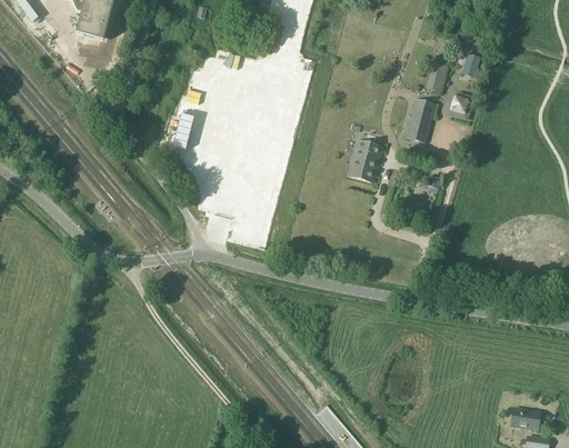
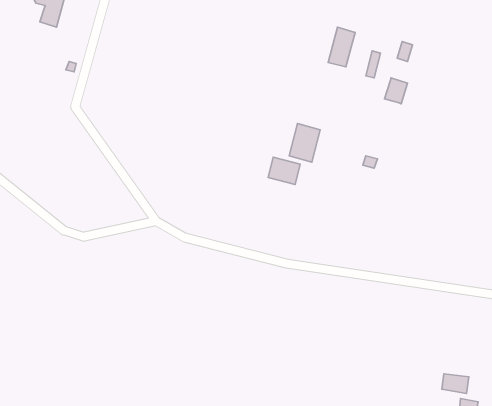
building: [407,99,436,141] -> [328,27,355,67]
building: none -> [268,157,300,185]

